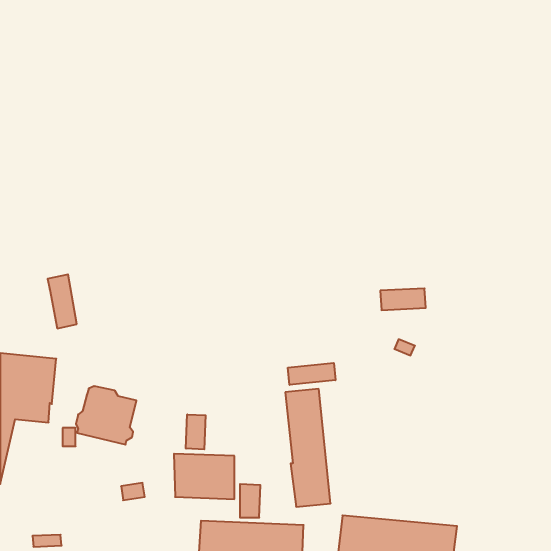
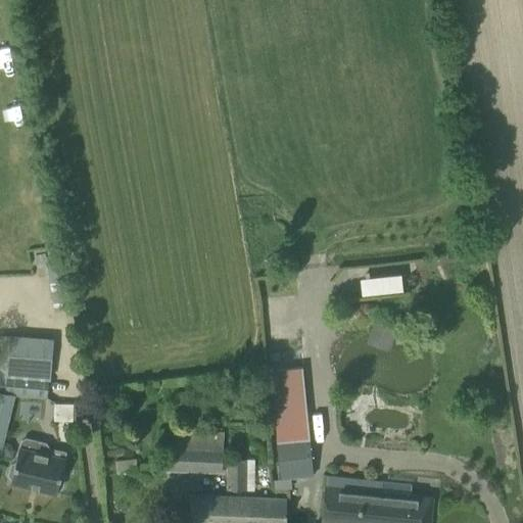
building: [288,363,335,385] -> none
building: [76,386,136,445] -> [9,440,66,495]
building: [186,414,206,449] -> none

